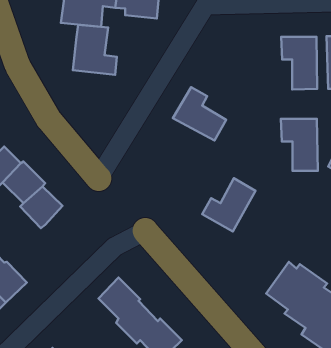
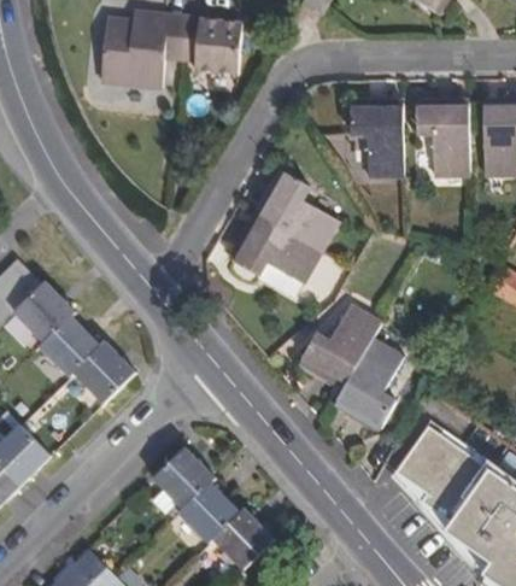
building: [73,25,117,75] -> none
building: none -> [236,218,321,282]
building: [281,119,318,171] -> [350,102,403,177]
building: none -> [338,339,404,423]
building: none -> [76,341,134,403]

